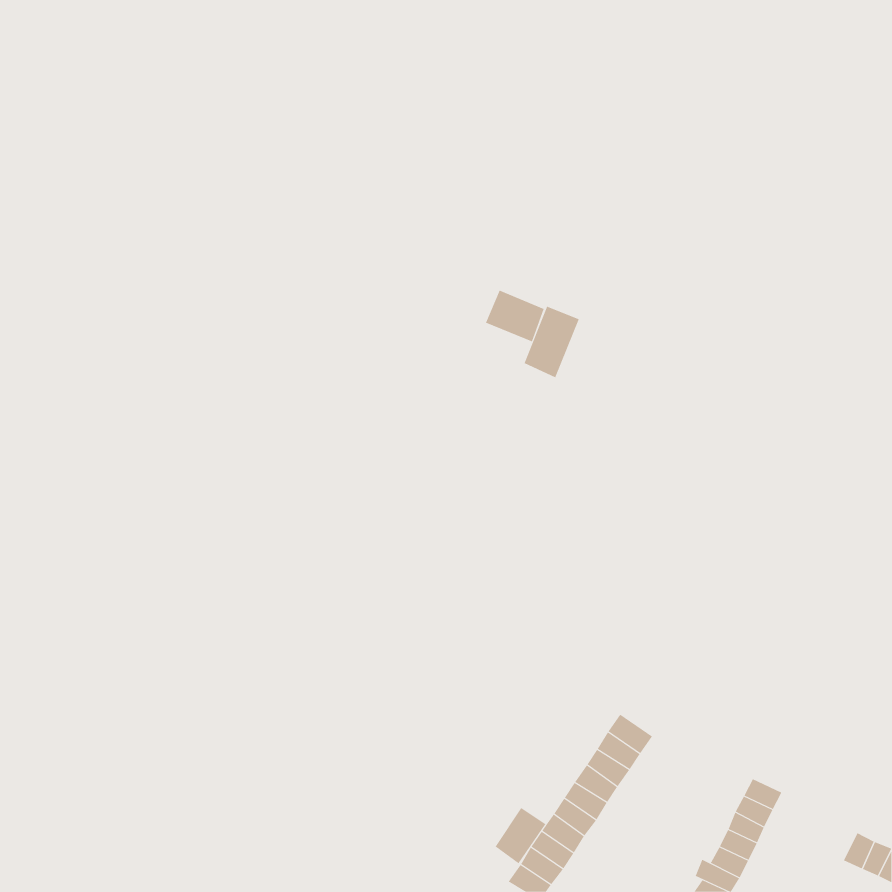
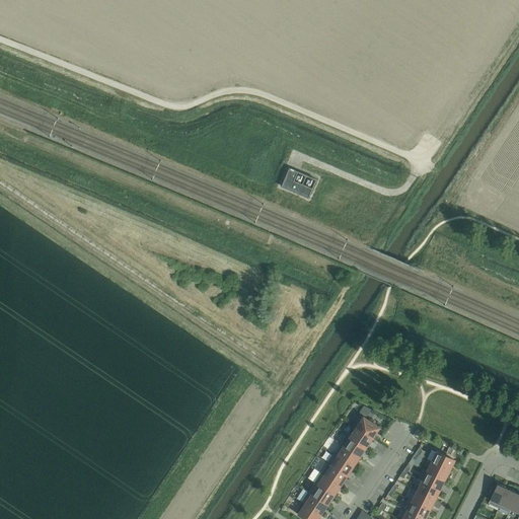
building: [524,306,580,378] -> none
building: [495,807,546,864] -> none

